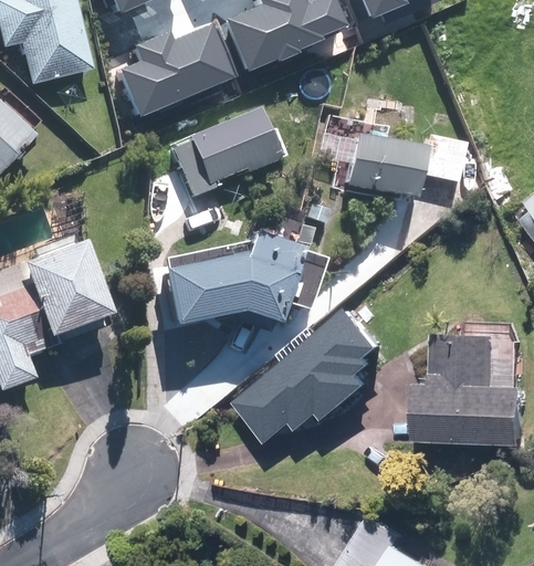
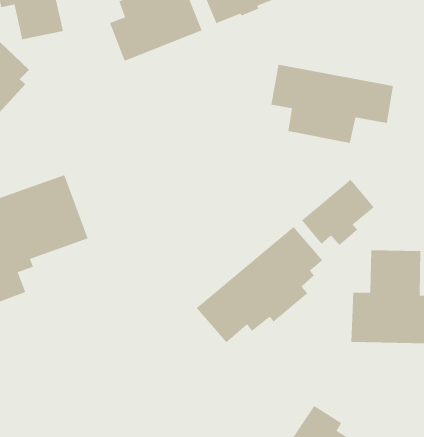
building: [172,111,275,197] -> none
building: [154,238,316,332] -> none
building: none -> [301,179,374,246]

